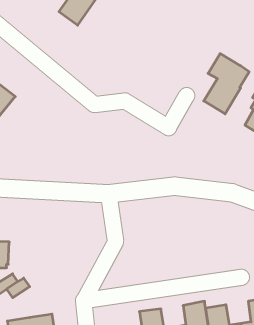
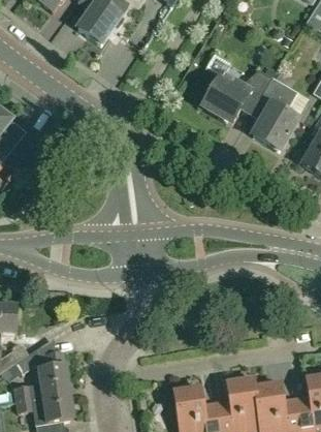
building: none -> [203,70,272,123]
building: none -> [14,350,70,400]

